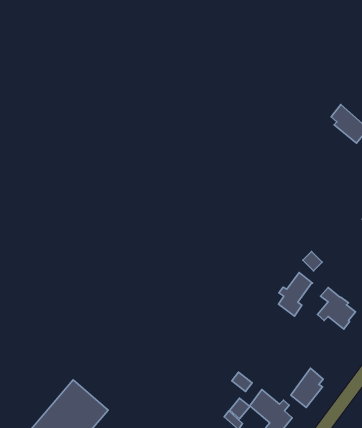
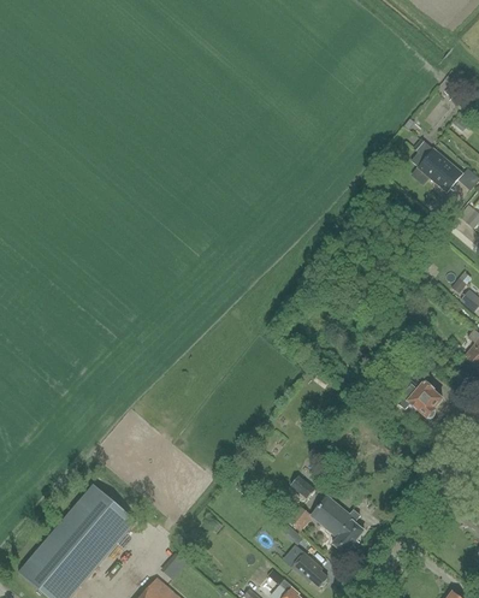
building: [278,273,312,316] -> none
building: [291,368,323,407] -> none

